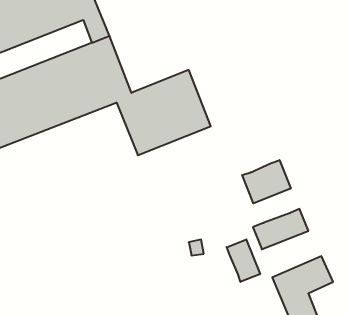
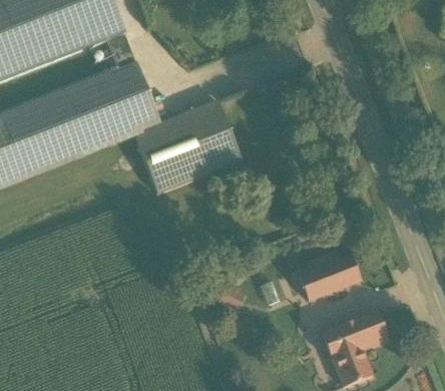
building: [242,160,291,203] -> none
building: [227,239,260,282] -> none

